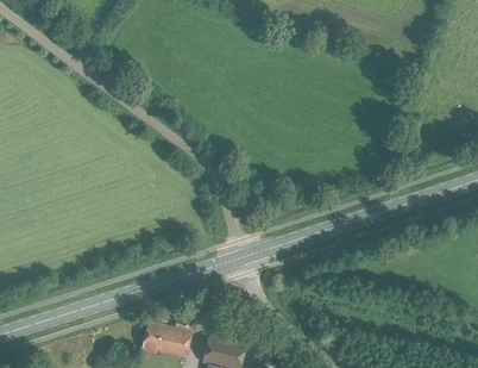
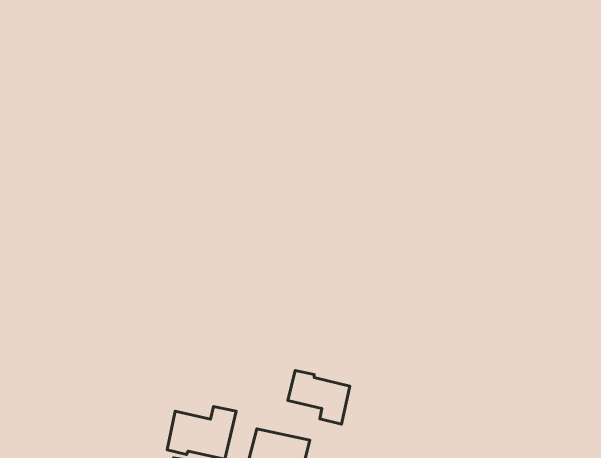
building: none -> [288,370,350,424]

